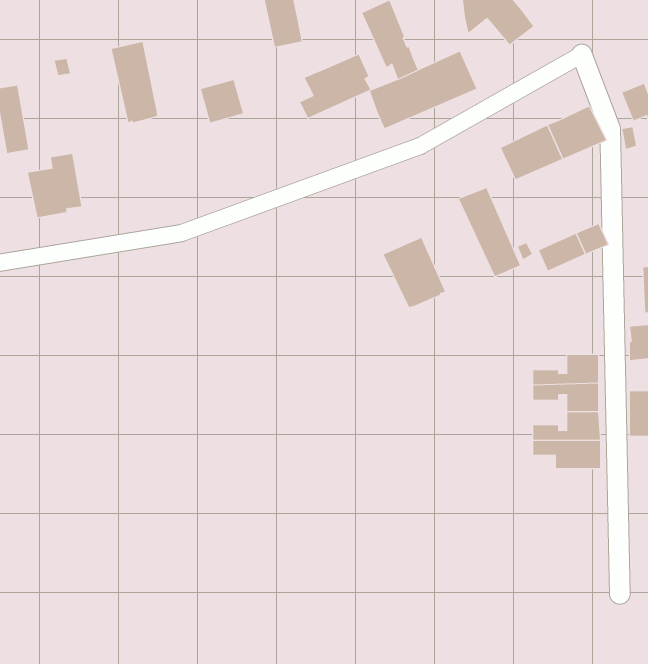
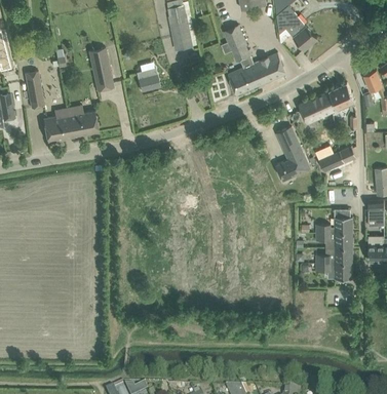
building: [300,54,371,119] -> none
building: none -> [67,103,98,134]
building: [383,237,446,308] -> none

